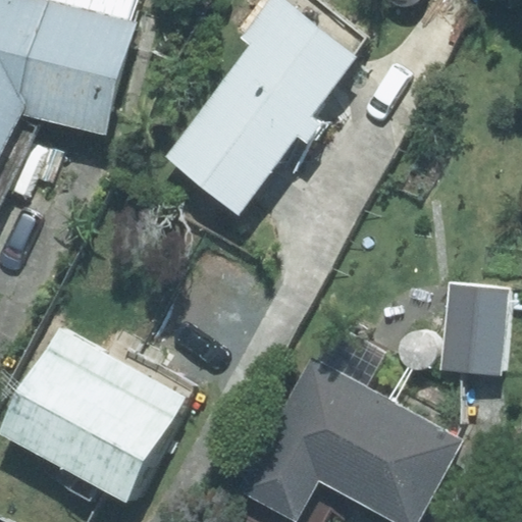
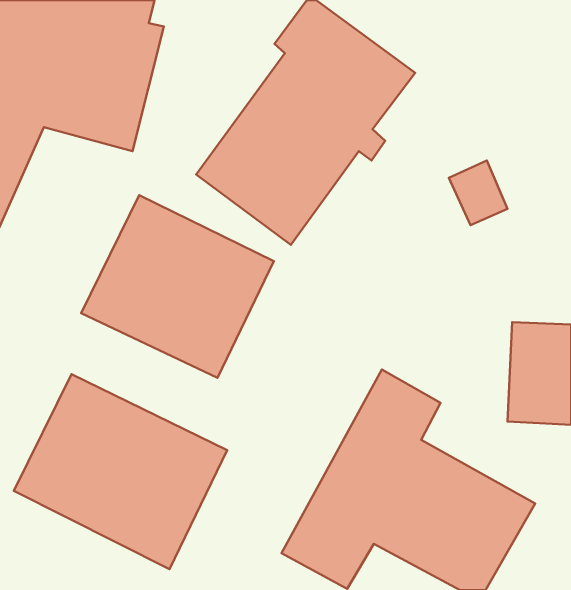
building: none -> [81,195,274,378]

